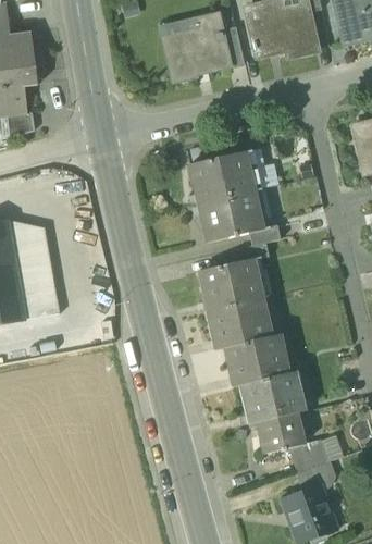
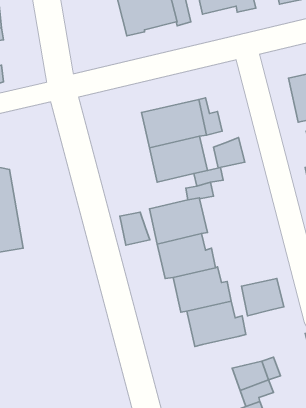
building: none -> [213,137,245,168]
building: none -> [120,212,150,245]
building: [257,411,303,453] -> [241,278,284,316]

